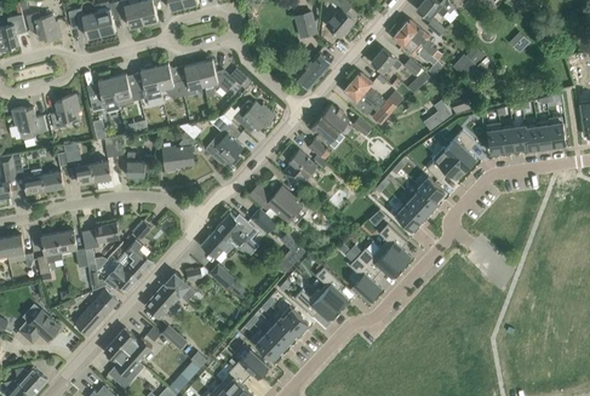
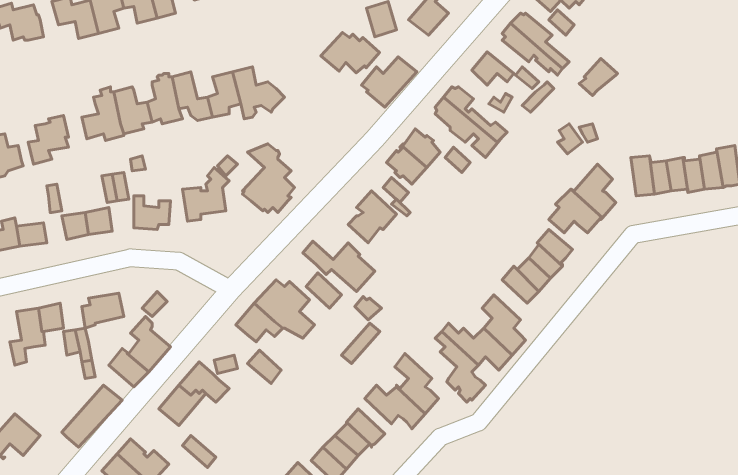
building: [231,101,274,130] -> [321,32,379,73]

